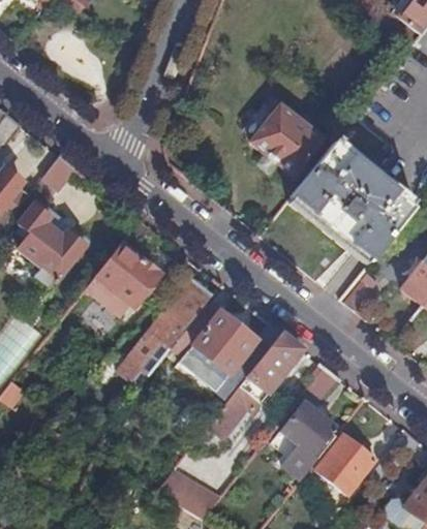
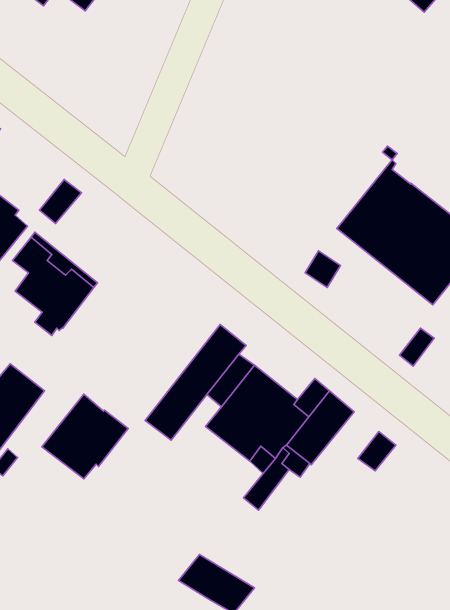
building: [250,104,322,175] -> none
building: [87,243,159,314] -> [42,394,128,479]
building: [283,402,337,479] -> none
building: [317,434,376,493] -> none

